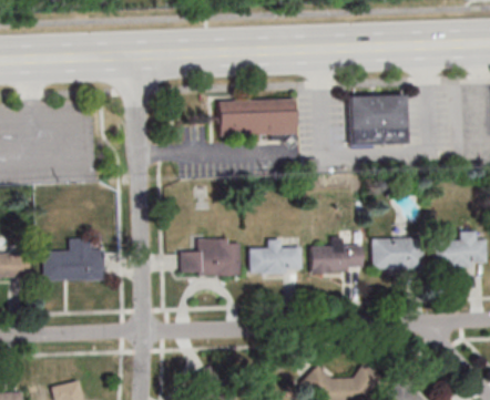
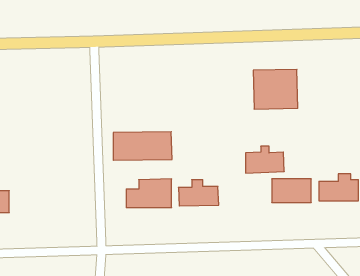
building: [218,99,296,136] -> [113,132,172,160]
building: [43,238,104,281] -> none
building: [312,238,363,274] -> [246,146,284,173]

